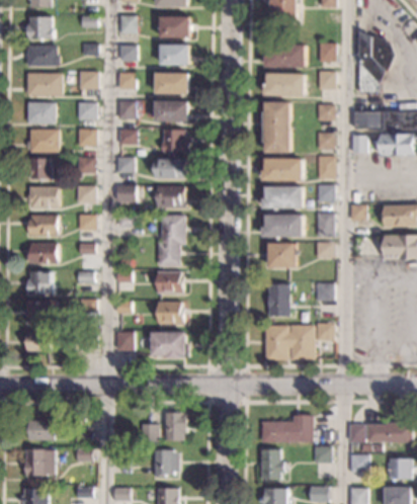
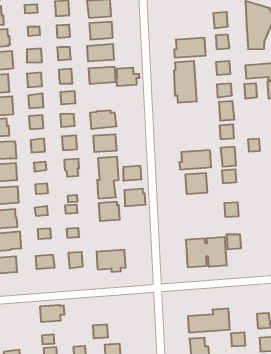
building: [266,45,306,66] -> none
building: [162,130,191,151] -> [116,68,140,86]
building: [262,158,302,180] -> none
building: [262,186,303,207] -> none
building: none -> [124,166,141,181]
building: [266,283,288,316] -> none
building: [156,302,182,322] -> [124,189,146,206]
building: [163,412,184,440] -> none
building: [27,420,58,439] -> [40,305,65,322]

